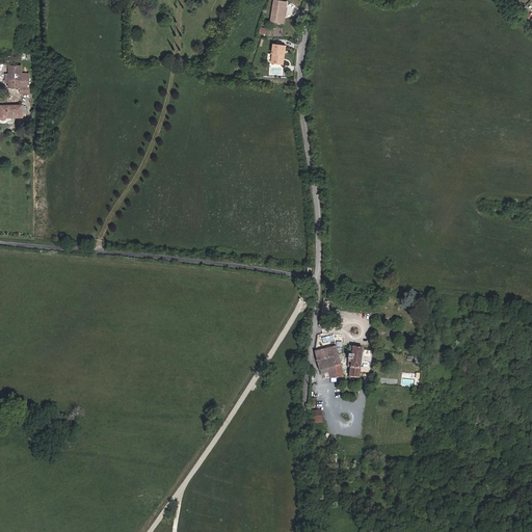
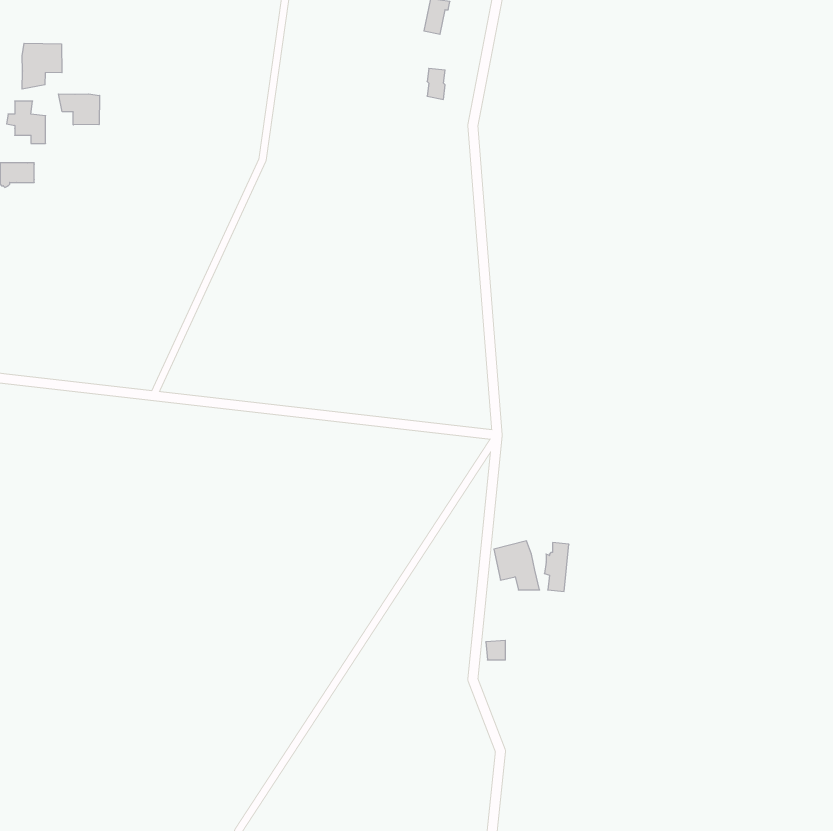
building: none -> [22,43,62,89]
building: none -> [58,94,100,125]

